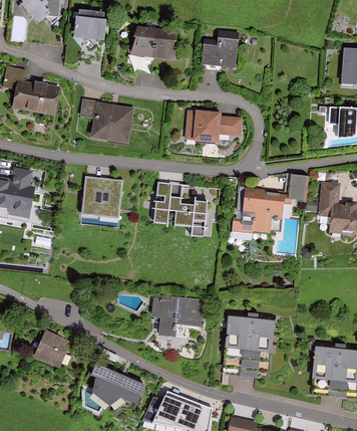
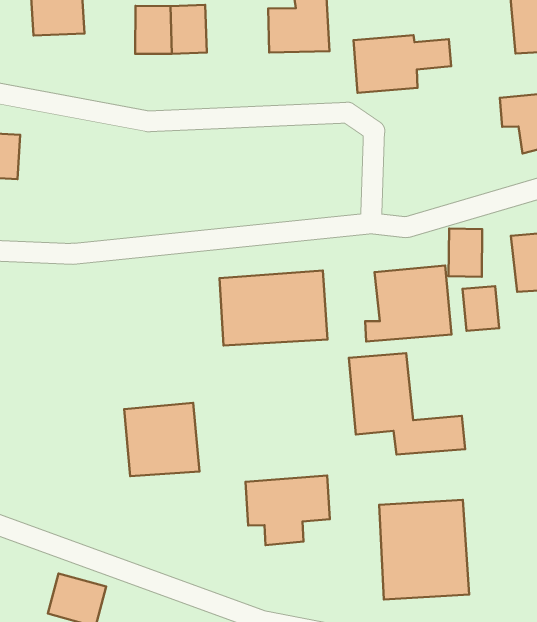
building: [91,102,132,141] -> none
building: [186,111,240,142] -> [354,35,451,93]
building: [80,177,120,217] -> [124,403,199,476]
building: none -> [463,286,499,331]
building: none -> [349,353,465,454]

